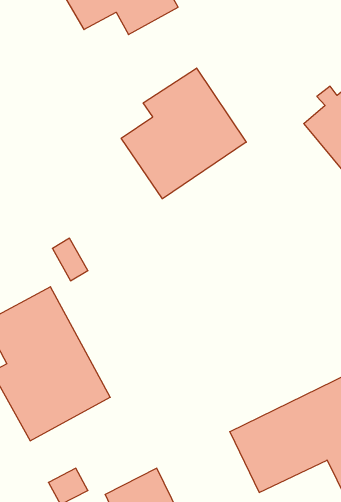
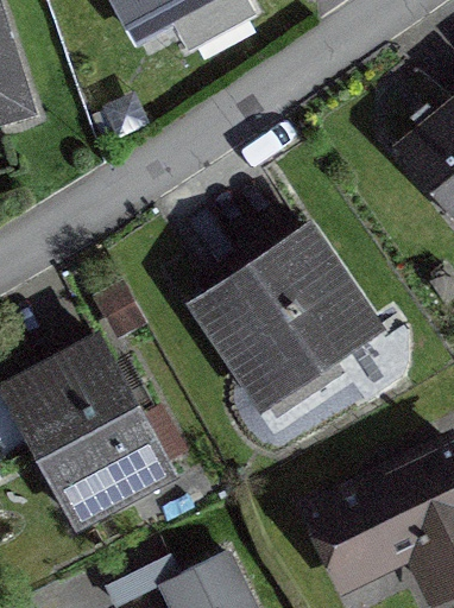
building: [121,68,246,199] -> none
building: none -> [197,229,377,419]

